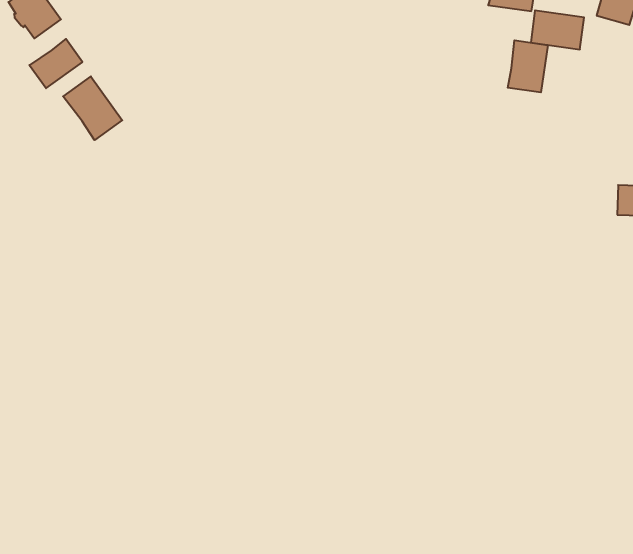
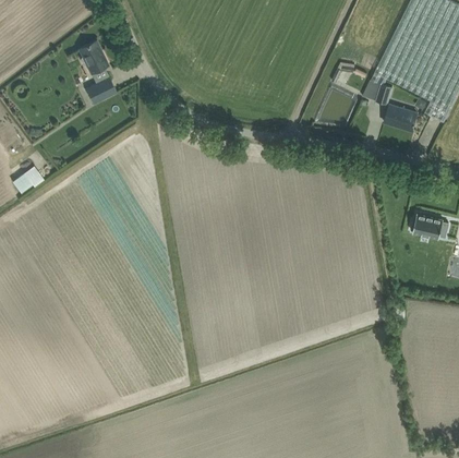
building: [508,40,548,92] -> none
building: [63,76,122,140] -> none

